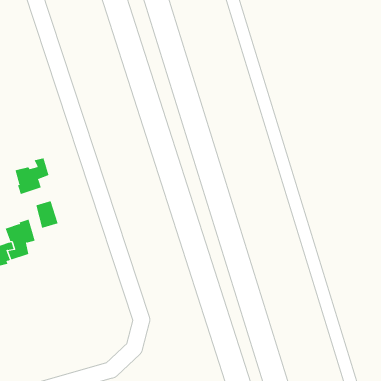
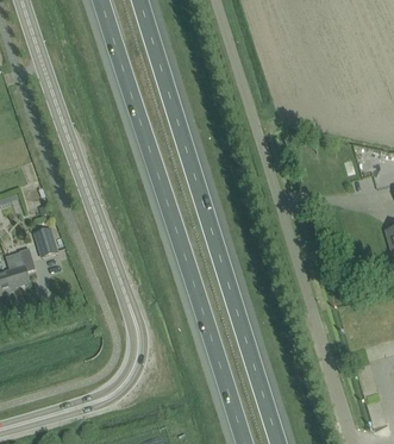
building: [15,157,49,195] -> none

